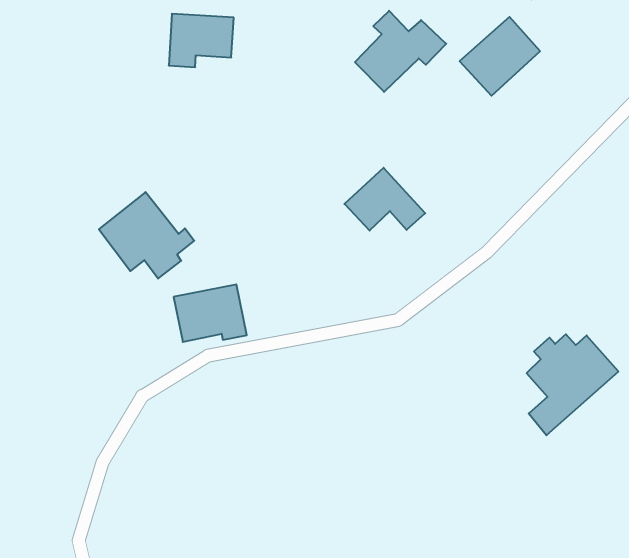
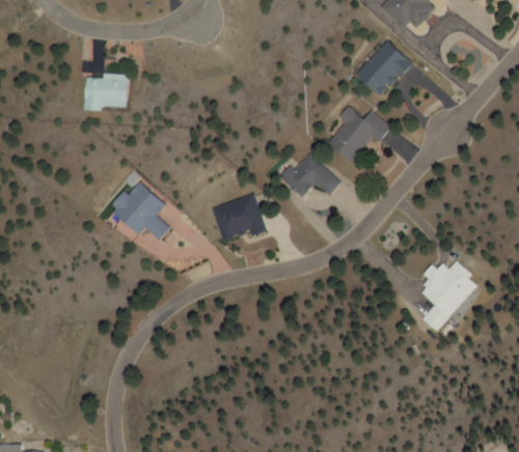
building: [355,11,446,92] -> [327,106,390,163]
building: [169,14,234,67] -> [91,75,135,111]
building: [174,284,247,342] -> [211,196,264,238]

